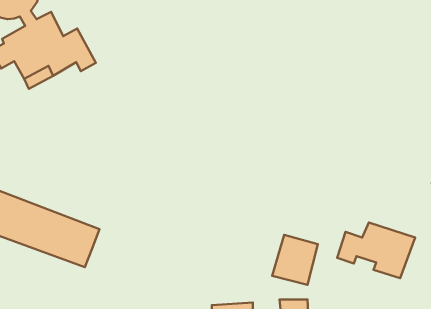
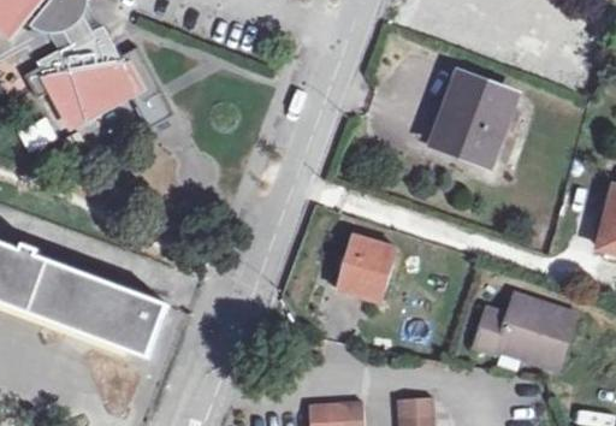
building: none -> [434,77,514,162]
building: [272,235,318,285] -> [332,236,391,301]

